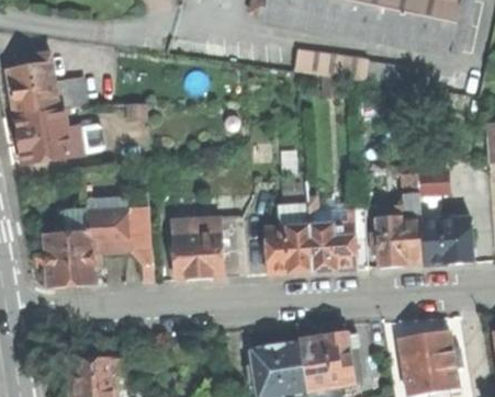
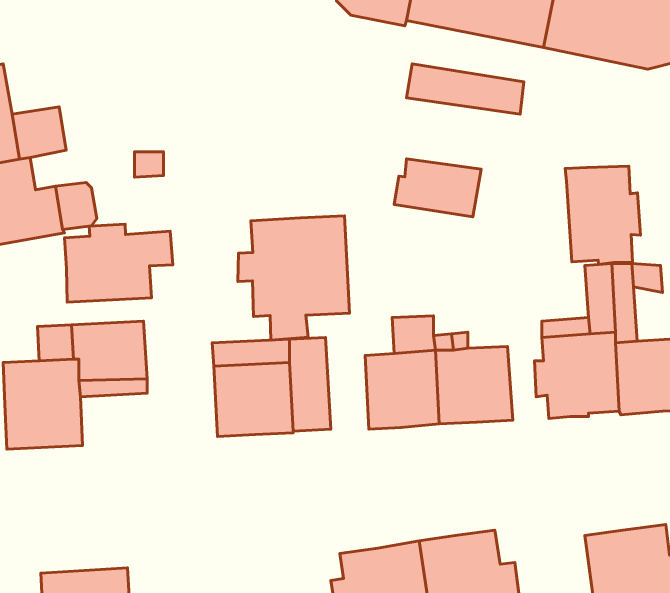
building: none -> [394,159,481,217]
building: none -> [565,166,640,264]
building: none -> [238,216,350,340]
building: none -> [65,224,173,302]

